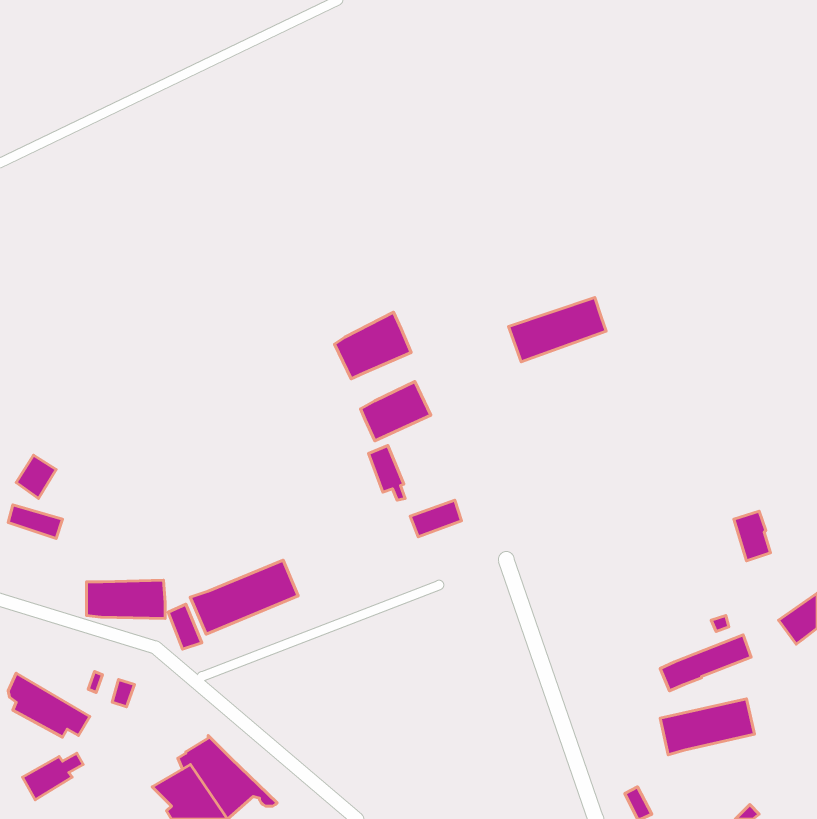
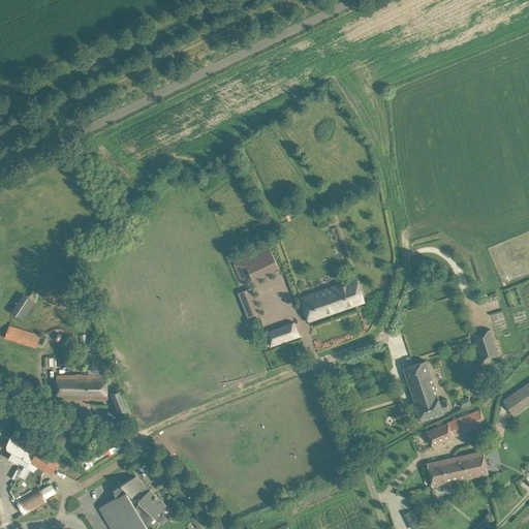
building: [508,298,606,362] -> [300,279,363,320]
building: [335,312,411,379] -> none
building: none -> [402,361,448,421]
building: [190,560,298,634] -> none

